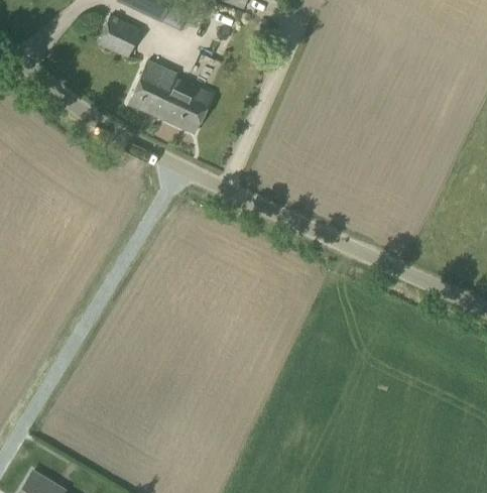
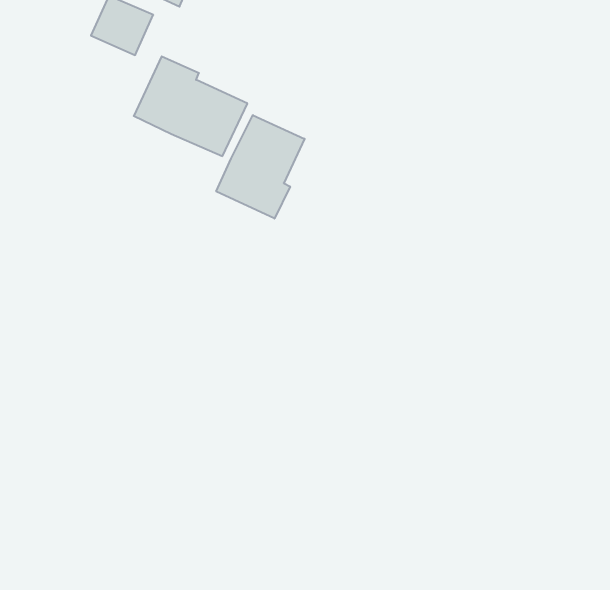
building: none -> [216,115,305,219]

